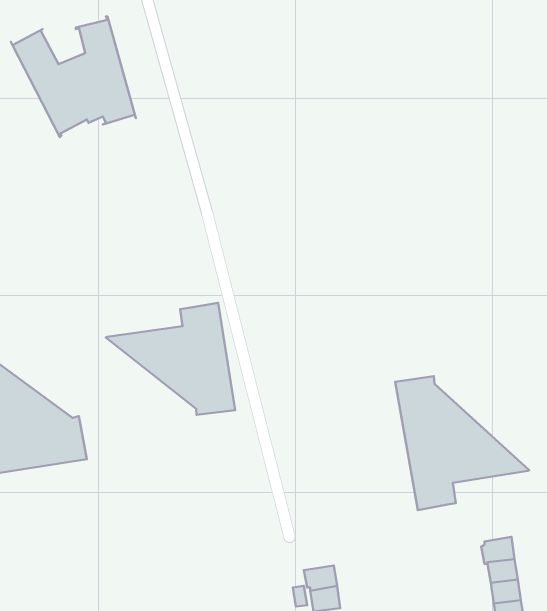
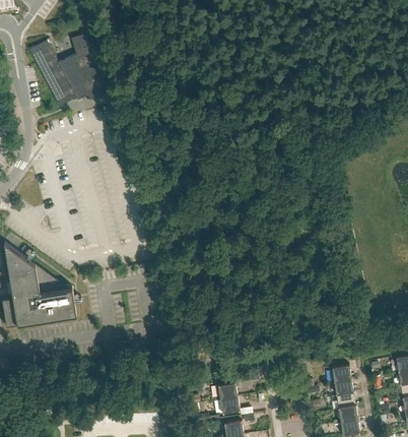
building: [106,303,235,415] -> none
building: [395,376,529,510] -> none

